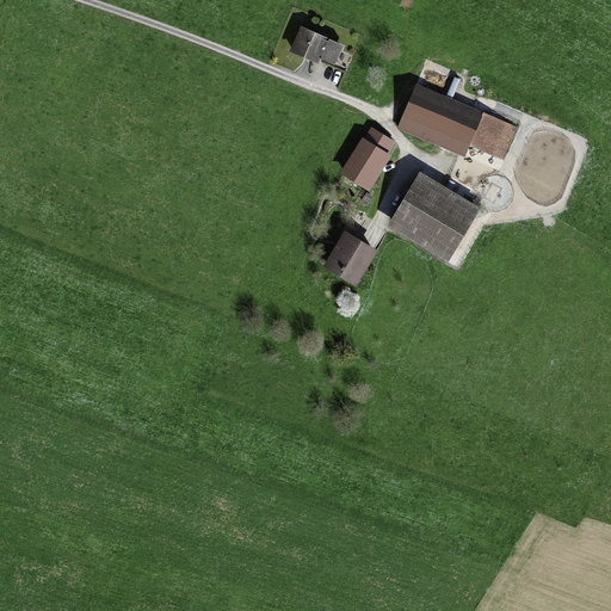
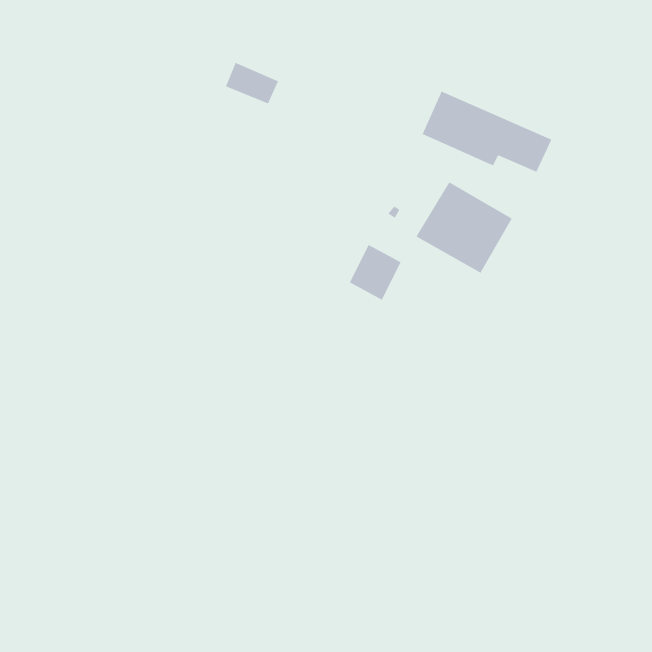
building: [292,26,342,66] -> [225,62,279,104]
building: [338,126,396,190] -> none

